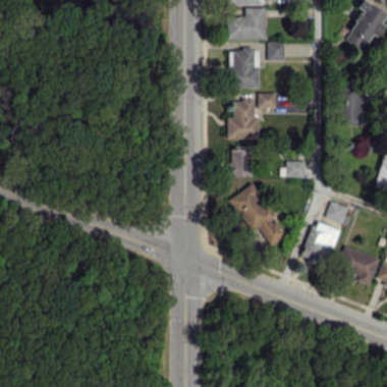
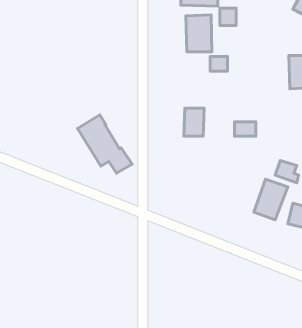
building: [227,100,260,139] -> none
building: [230,183,287,244] -> [78,115,132,173]

